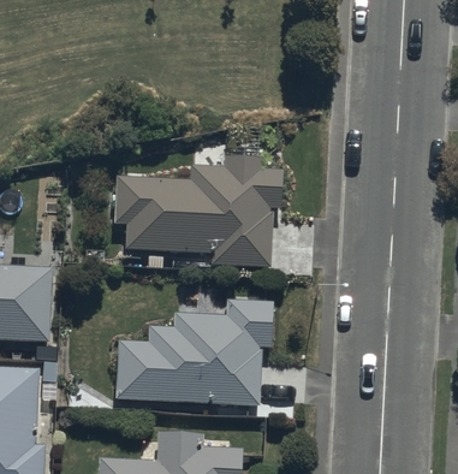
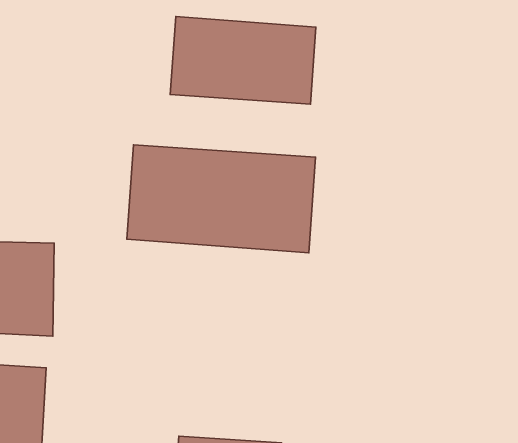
building: none -> [170,17,316,104]
building: [119,300,270,405] -> none

